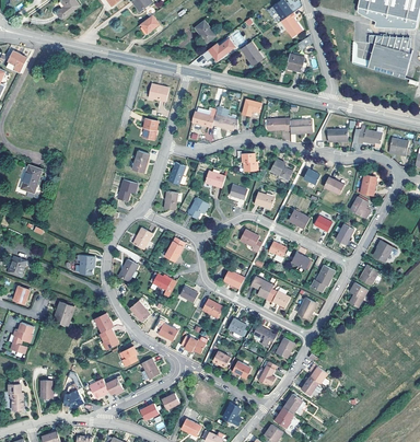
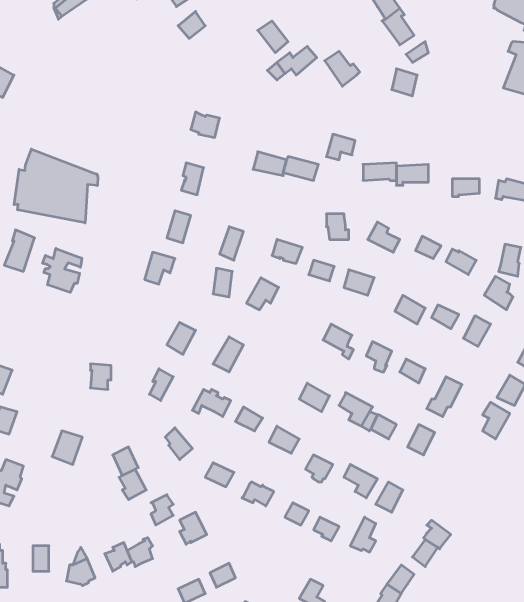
building: none -> [14,149,98,223]
building: none -> [43,248,82,292]

